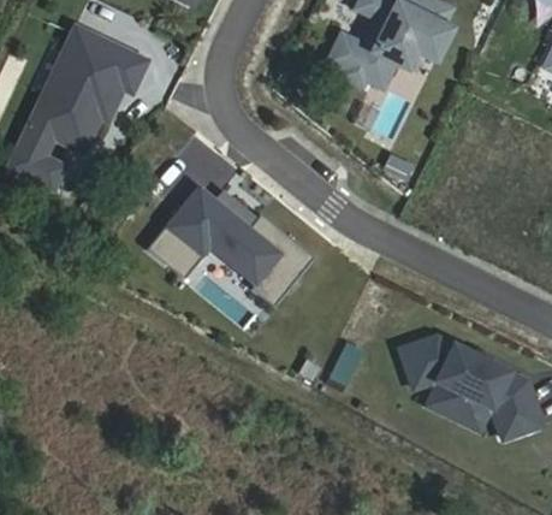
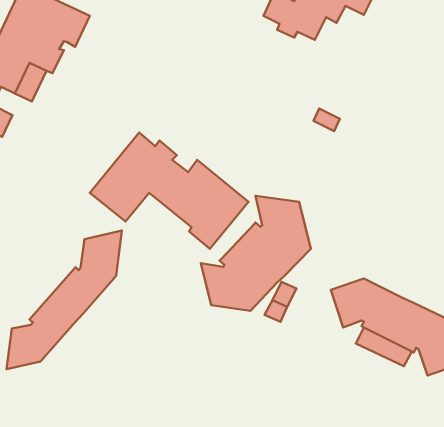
building: none -> [201,196,311,311]
building: none -> [7,230,122,369]

